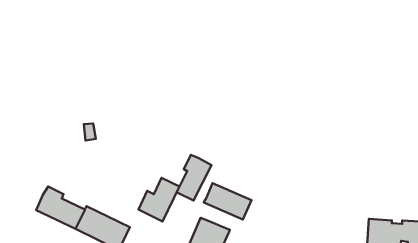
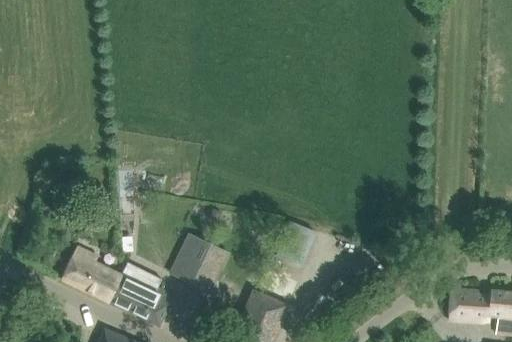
building: [177,155,211,200] -> none
building: [204,183,251,219] -> none

